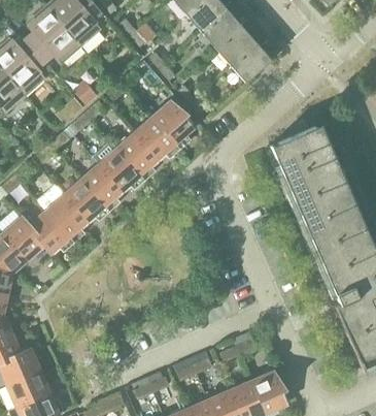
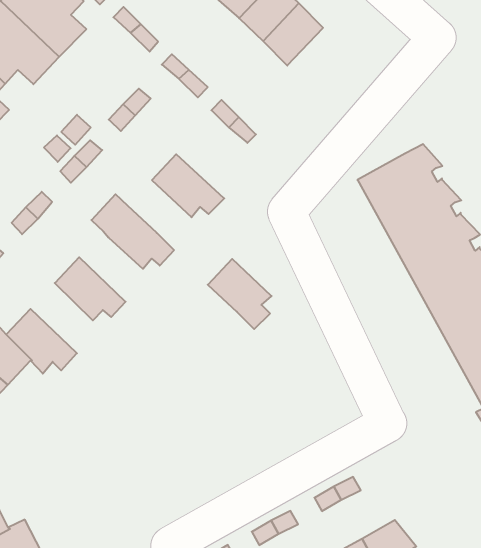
building: [230,42,270,82] -> none
building: [151,100,194,149] -> none
building: [116,132,158,180] -> [208,259,272,329]
building: [81,163,123,211] -> none
building: [46,194,87,242] -> none

